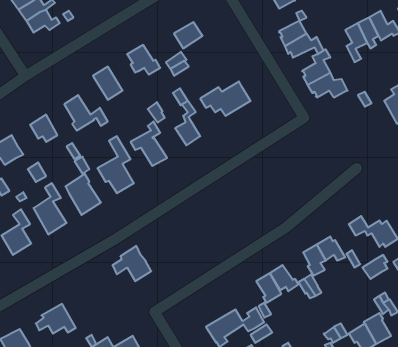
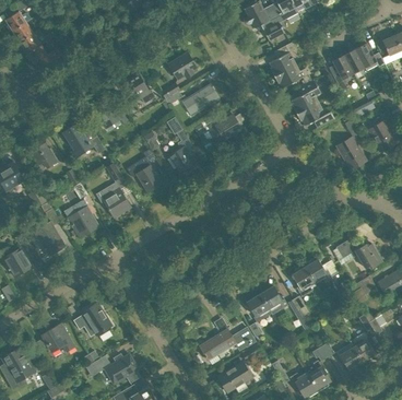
building: none -> [181,84,218,115]
building: none -> [336,137,366,169]
building: [112,246,151,281] -> [74,302,111,336]

